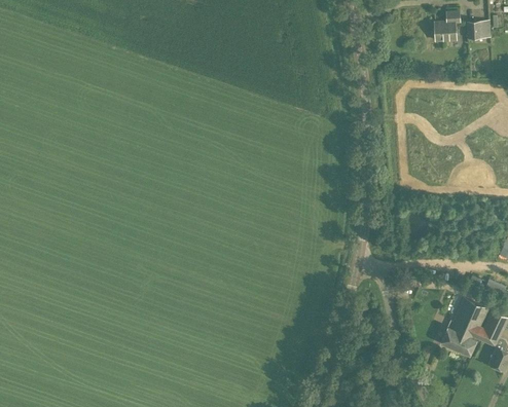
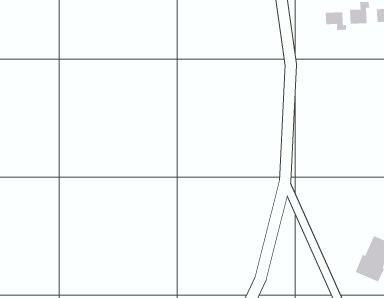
building: none -> [325,11,347,31]

